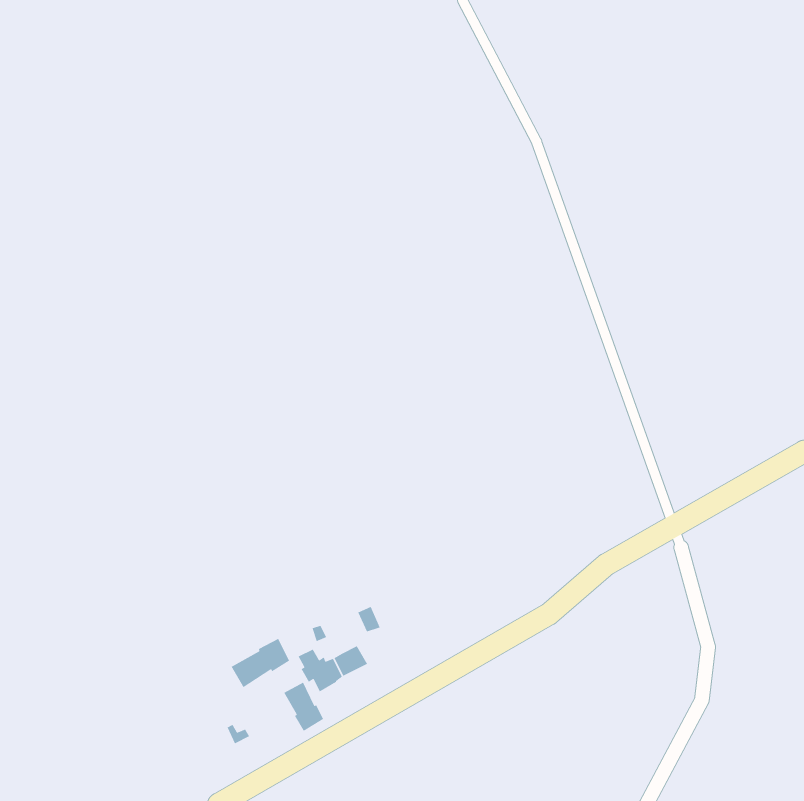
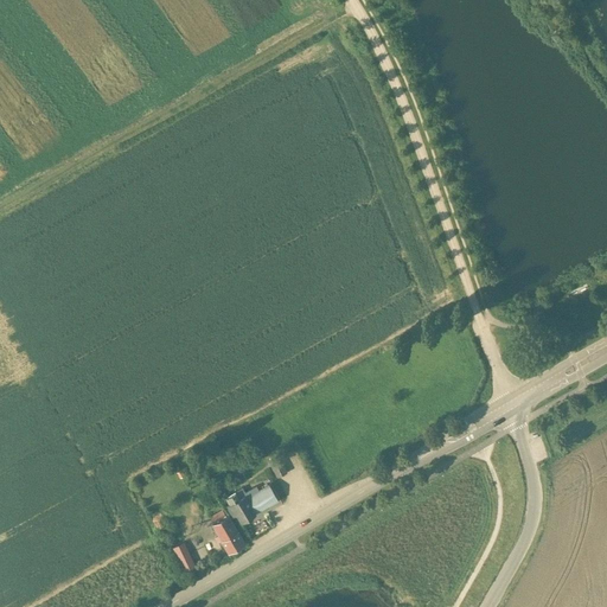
building: [231,638,290,688] -> none

